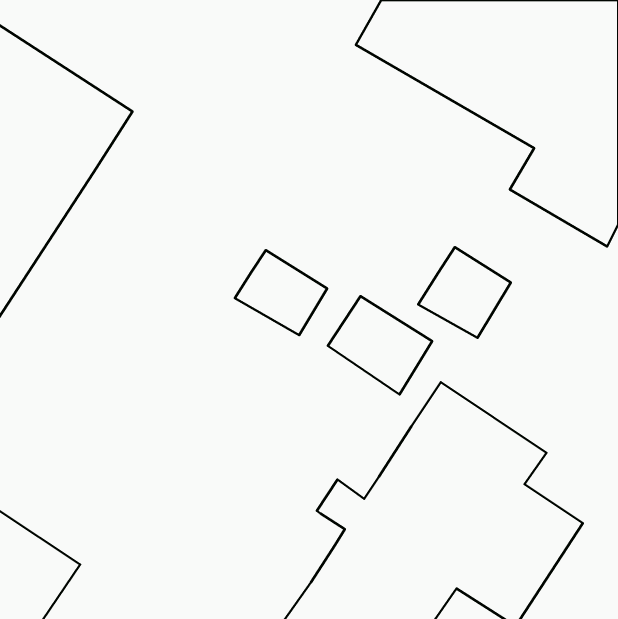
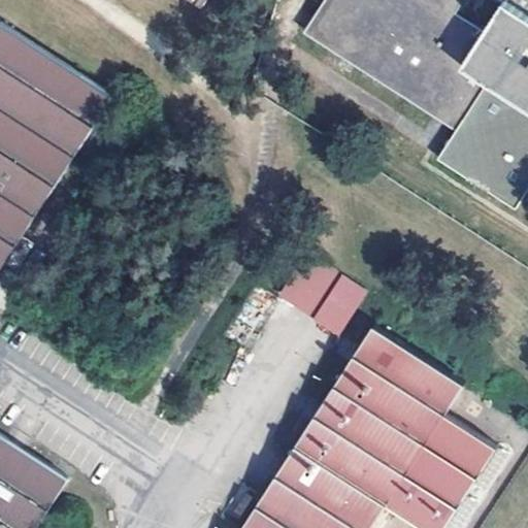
building: [418,247,511,338] -> none
building: [235,250,327,335] -> none

